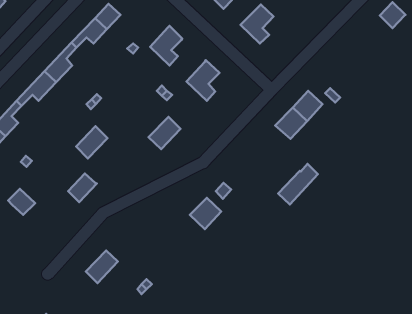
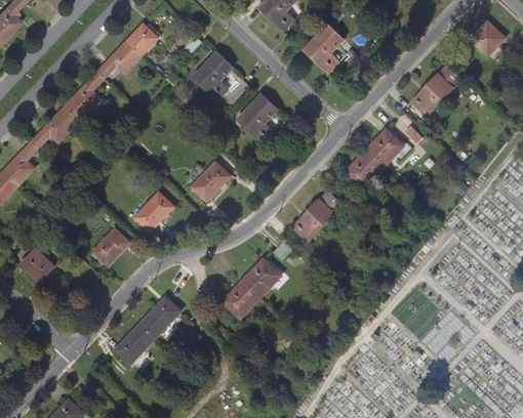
building: none -> [413,67,460,114]
building: [76,126,107,158] -> [135,192,173,231]
building: [278,164,318,204] -> [293,191,341,240]
building: none -> [223,280,260,318]
building: none -> [140,297,179,336]

